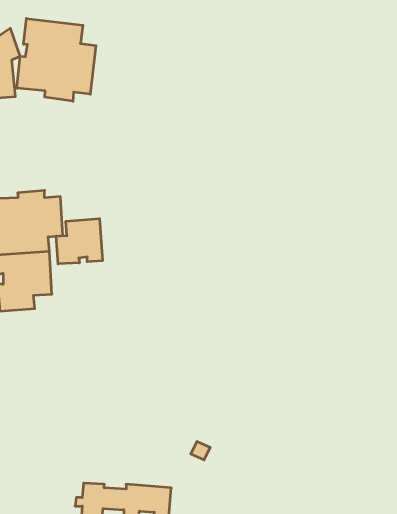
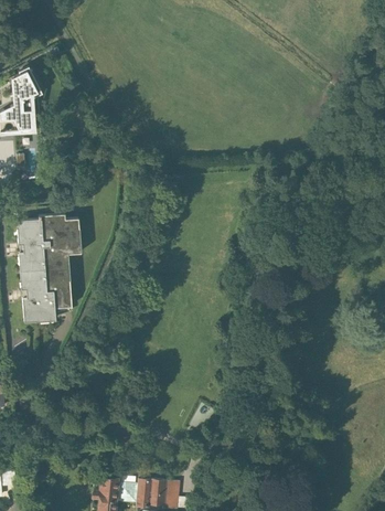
building: [17,18,96,101] -> none
building: [56,219,102,264] -> none

